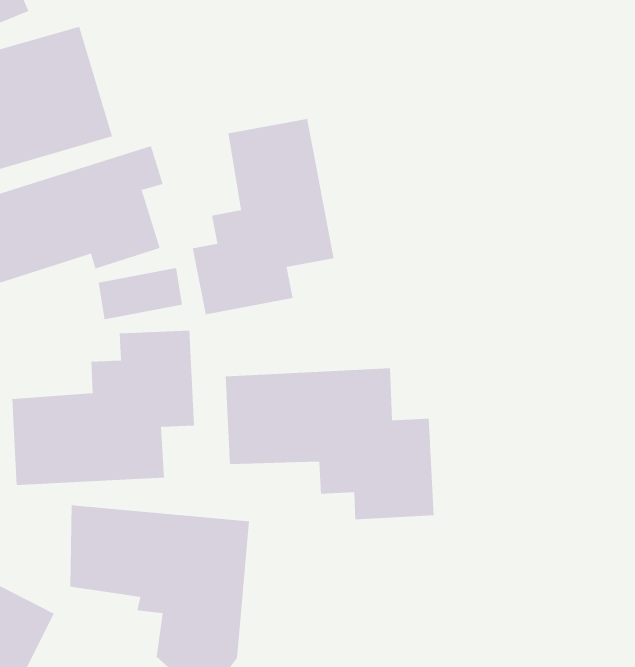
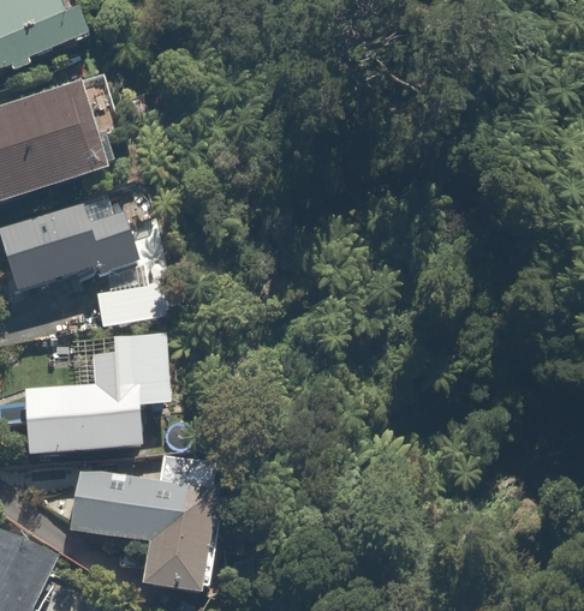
building: [192,118,334,315] -> none
building: [225,368,434,520] -> none

